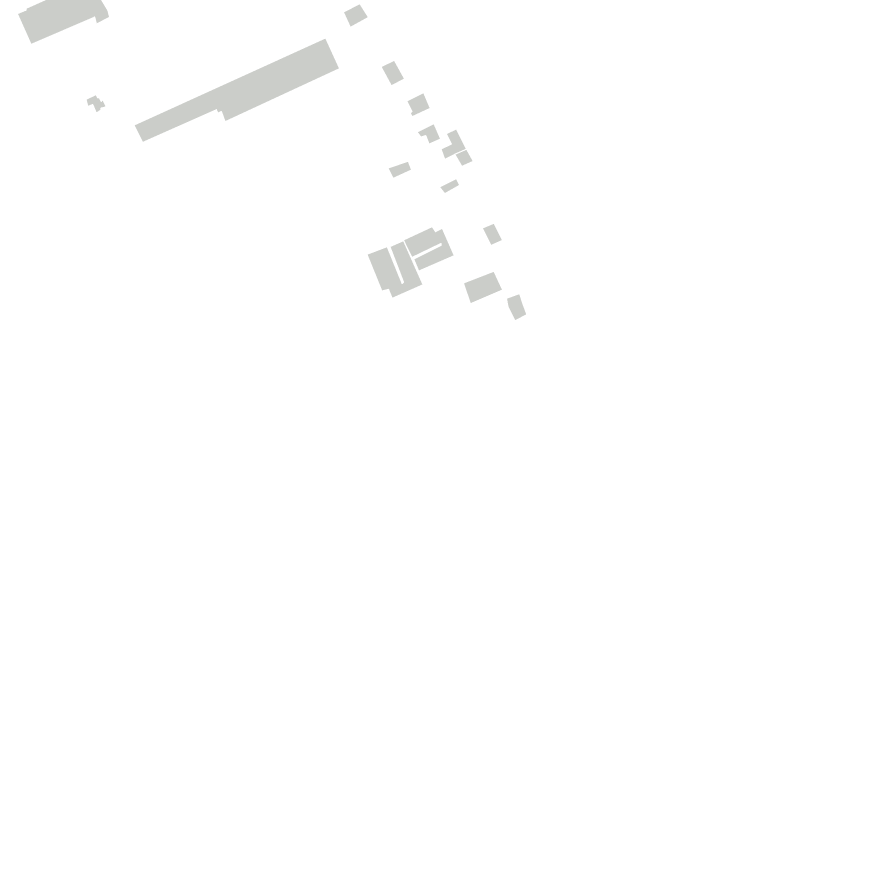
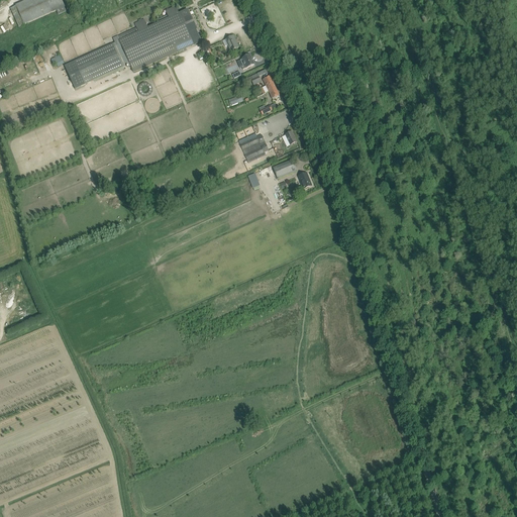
building: none -> [74,6,194,74]
building: [367,240,423,298] -> none

